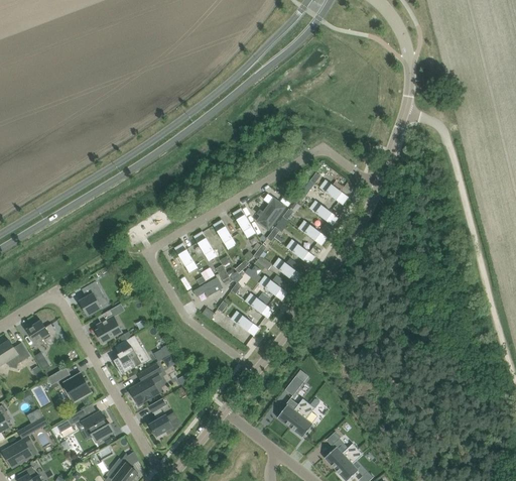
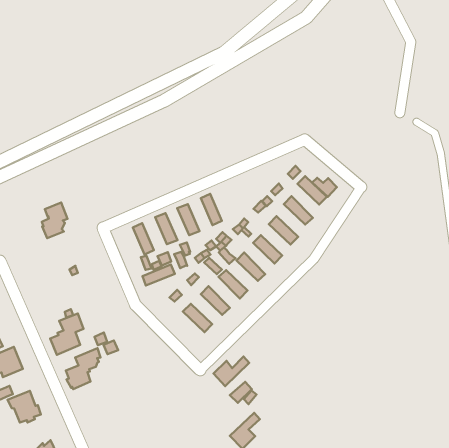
building: [258,201,285,233] -> none
building: [81,281,104,316] -> [42,202,68,238]
building: [96,310,122,343] -> none
building: [148,398,173,439] -> none
building: [277,398,308,428] -> [214,357,249,386]

